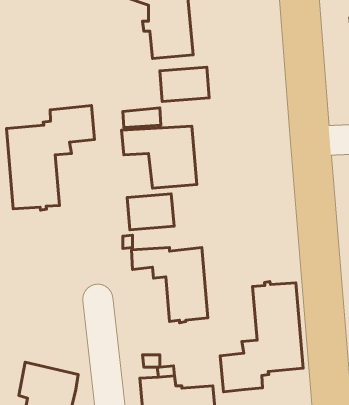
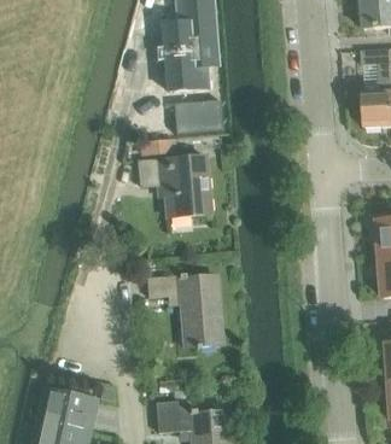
building: [7,106,95,210] -> none
building: [127,194,174,230] -> none
building: [220,282,303,392] -> none

